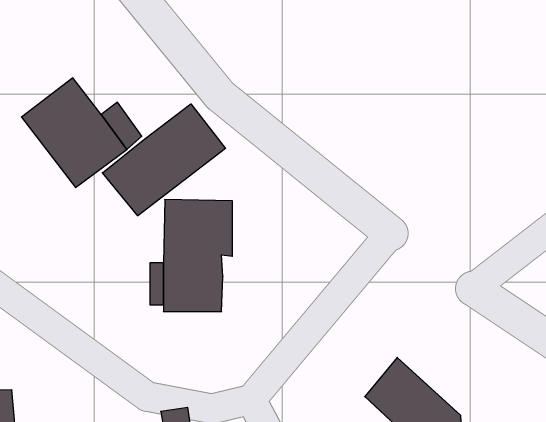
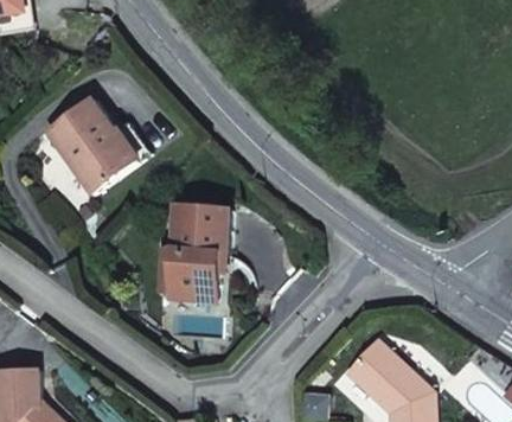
building: [102,104,225,216] -> none

